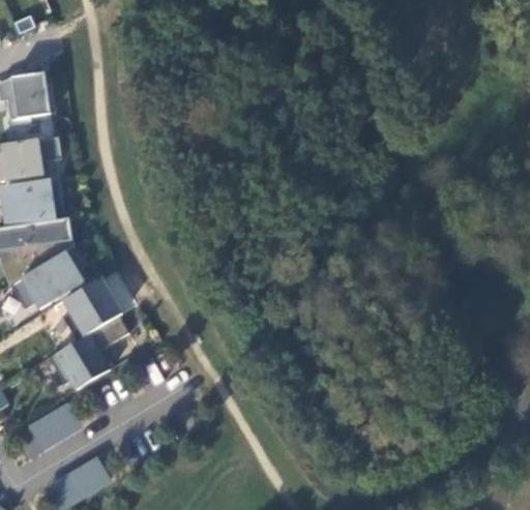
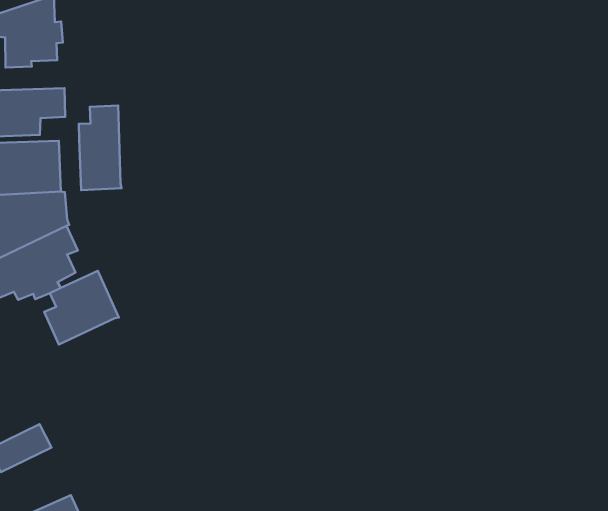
building: none -> [79,105,121,190]
building: [49,313,129,388] -> none

